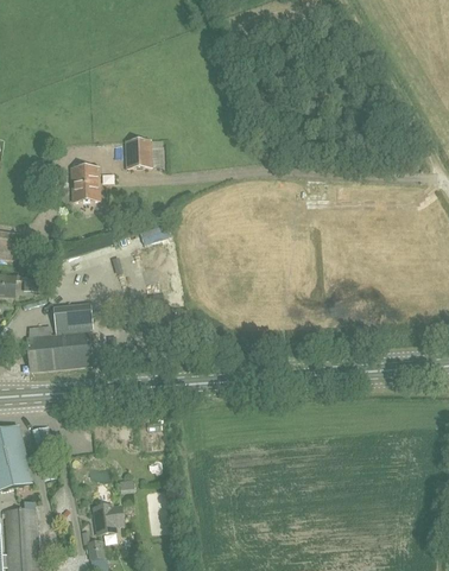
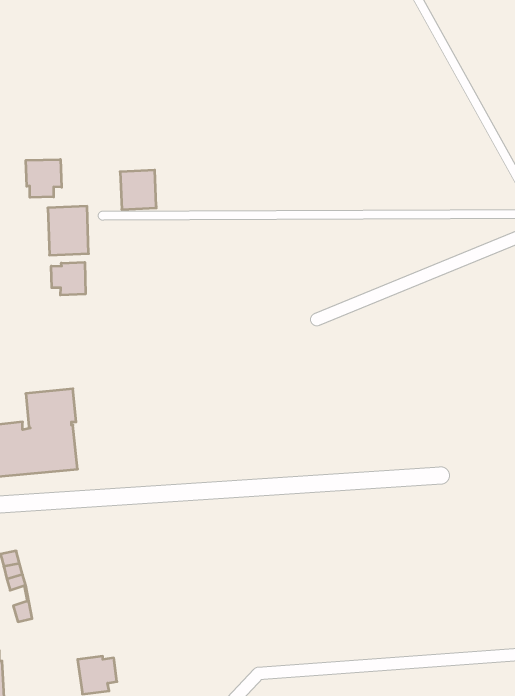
building: none -> [26,159,62,197]
building: none -> [51,262,85,295]

